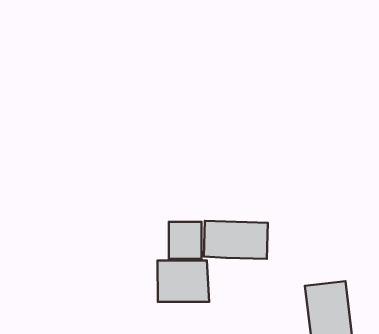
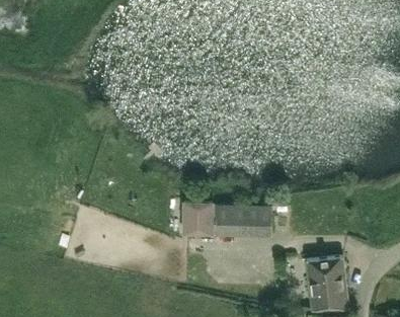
building: [157,260,209,302] -> none

